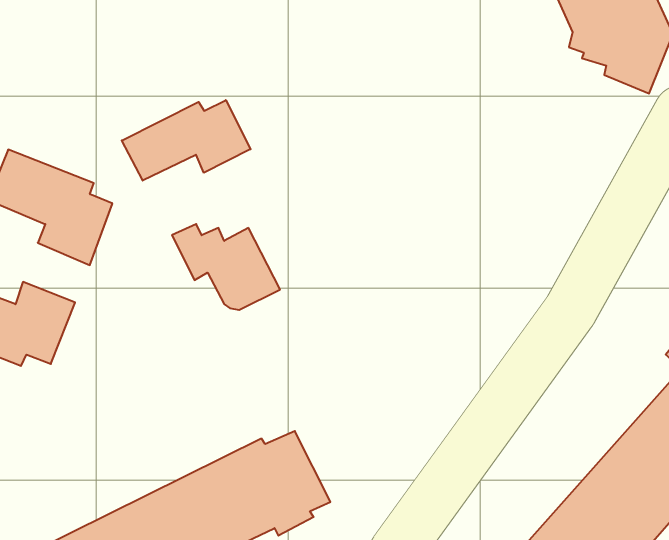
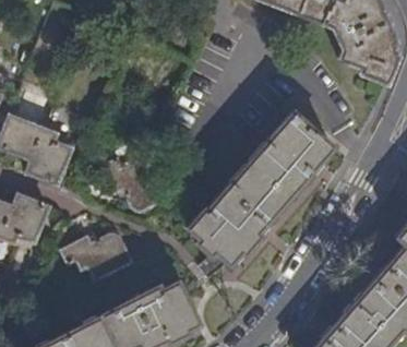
building: [122,100,251,181] -> none
building: none -> [190,112,332,277]
building: none -> [62,236,132,282]

